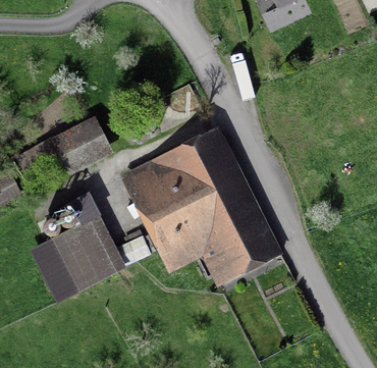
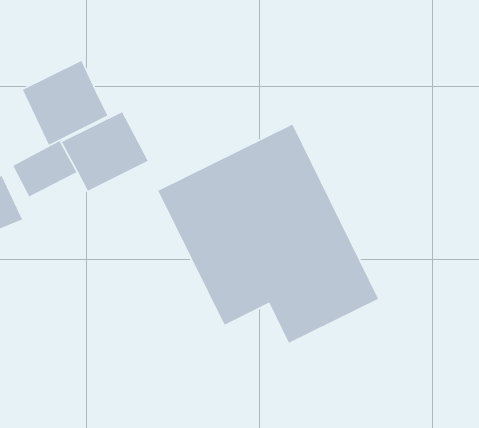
building: none -> [22,60,109,146]
building: [31,192,152,302] -> none

